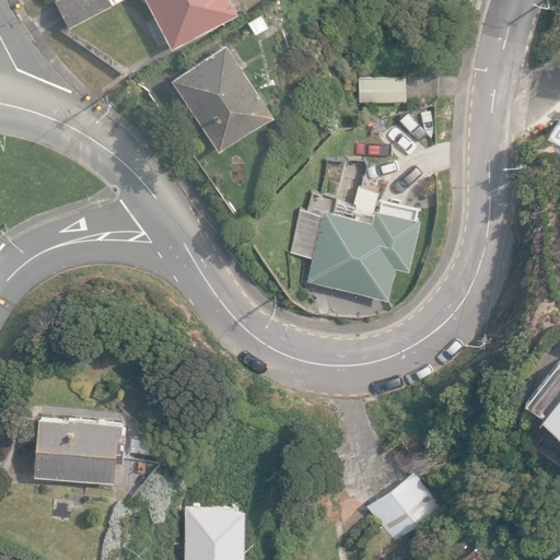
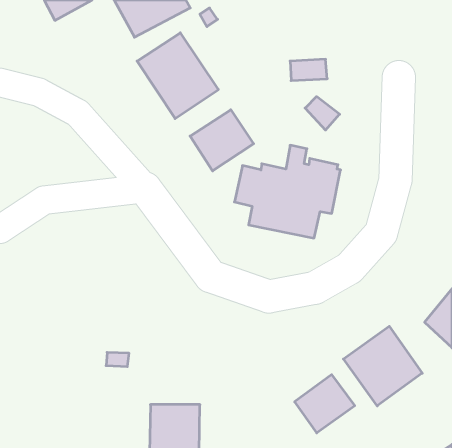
building: none -> [190,110,254,171]
building: none -> [343,326,422,406]
building: [35,417,125,483] -> none

